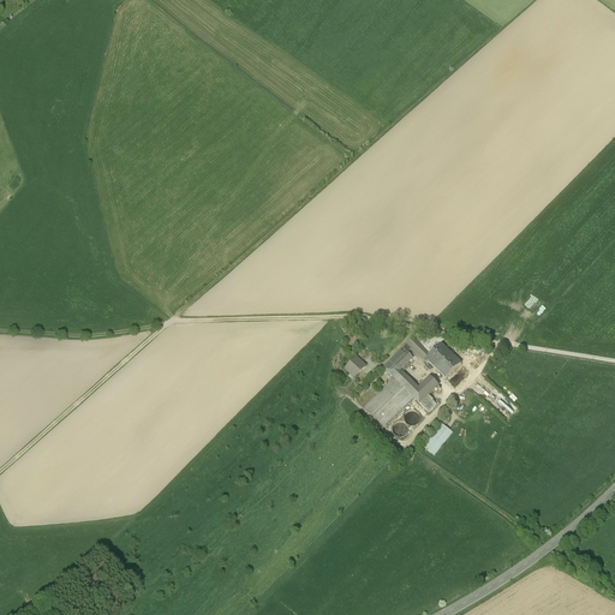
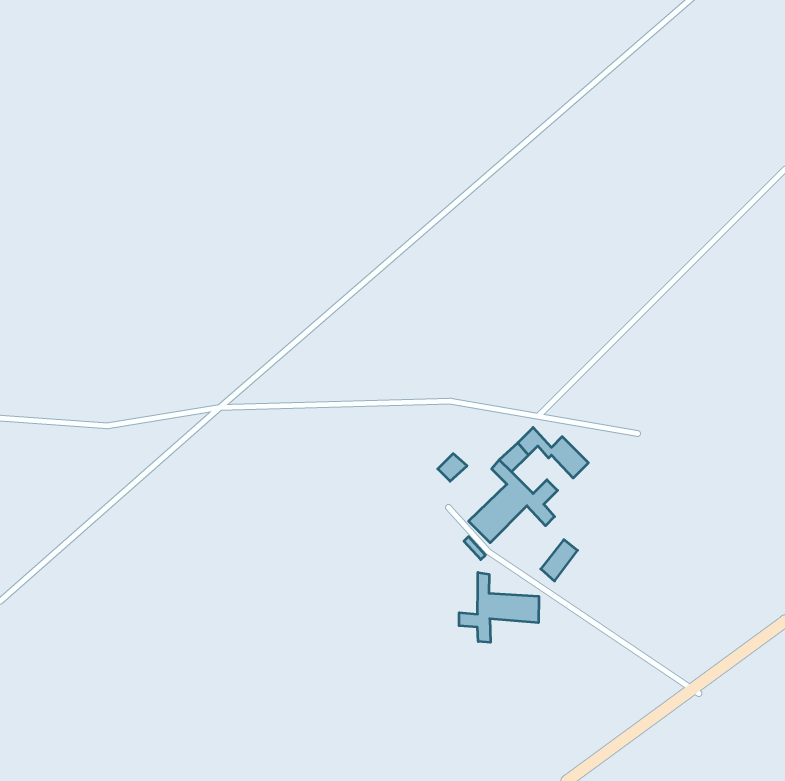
building: none -> [459,572,539,642]

